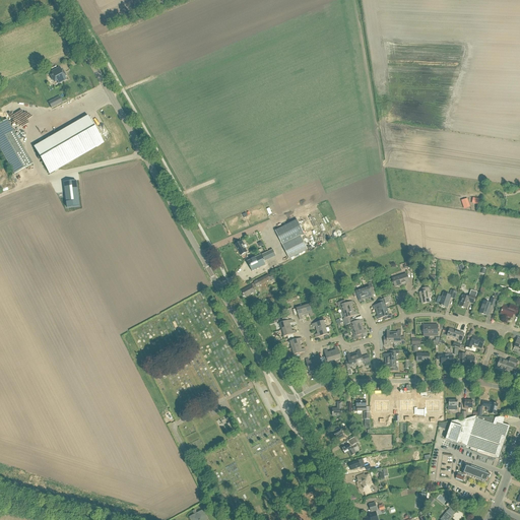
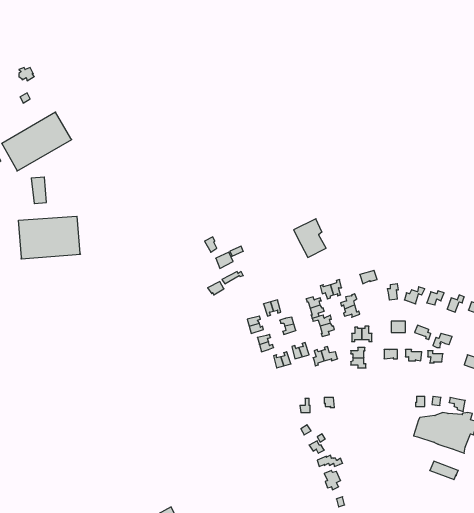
building: none -> [19,216,80,259]
building: [274,218,307,257] -> [294,219,326,257]

